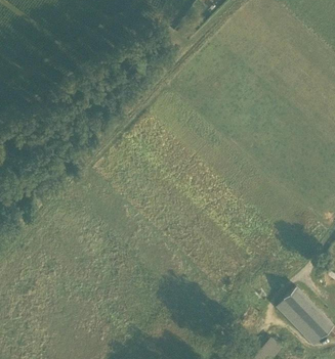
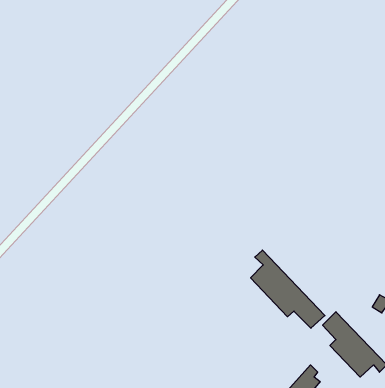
building: none -> [251,250,325,328]

